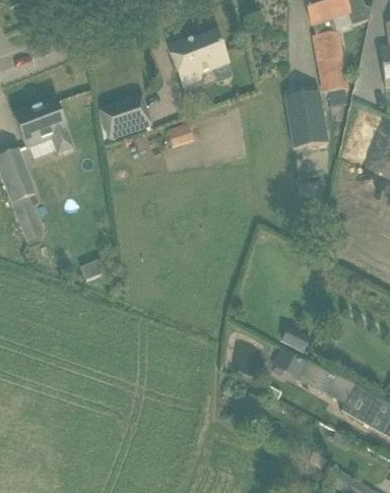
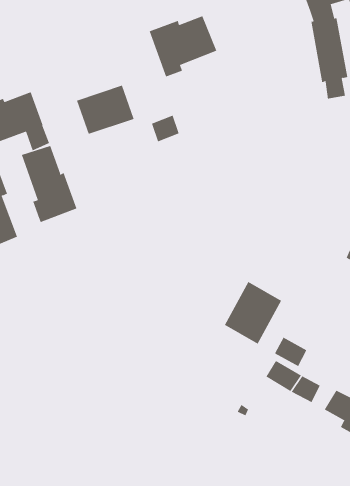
building: [286,90,328,146] -> none
building: none -> [21,145,77,223]
building: none -> [224,281,282,344]

